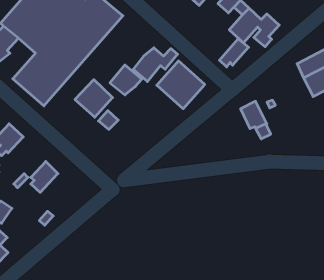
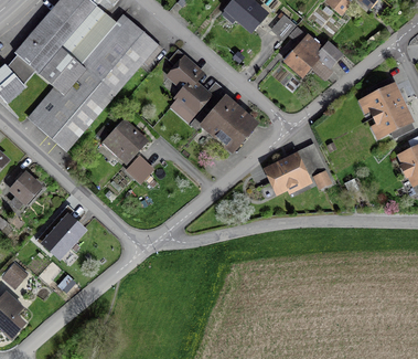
building: [219,39,249,67] -> none
building: [110,65,142,95] -> [165,56,203,92]
building: none -> [265,154,311,196]

